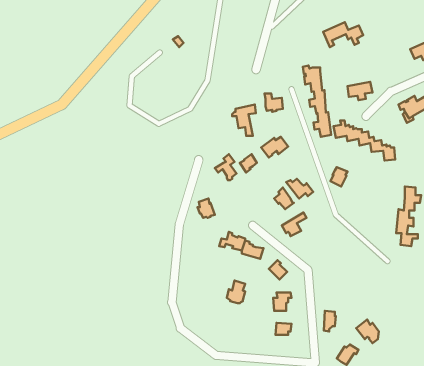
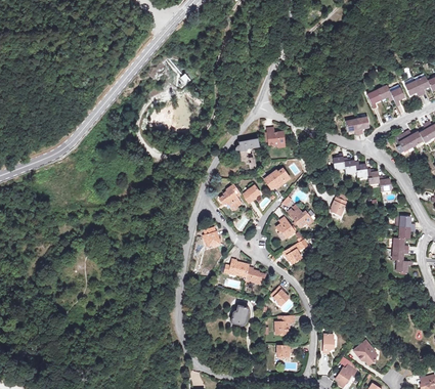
building: [323,22,363,47] -> [365,85,403,109]
building: [303,65,331,137] -> none

